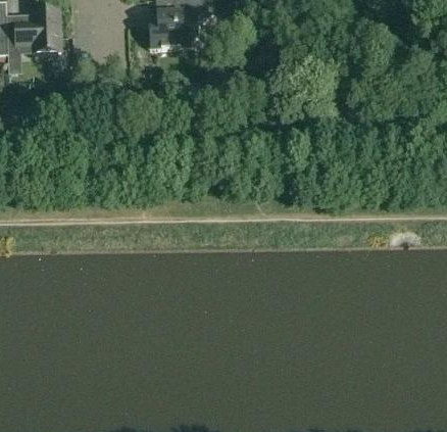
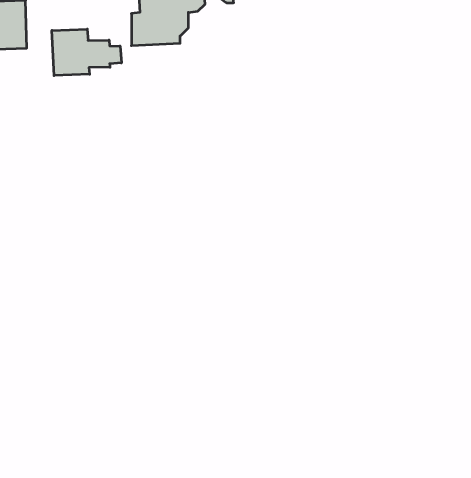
building: none -> [52,29,121,76]

